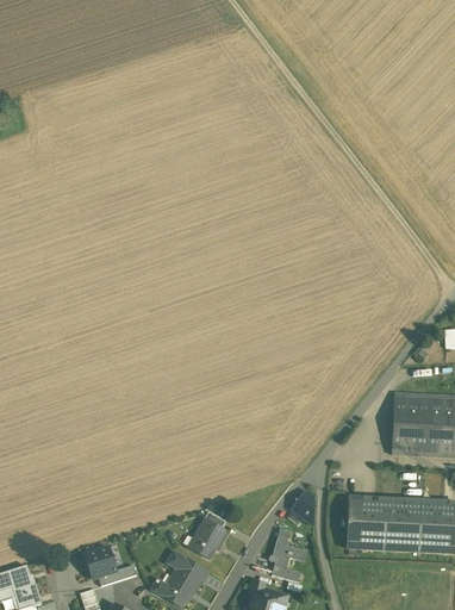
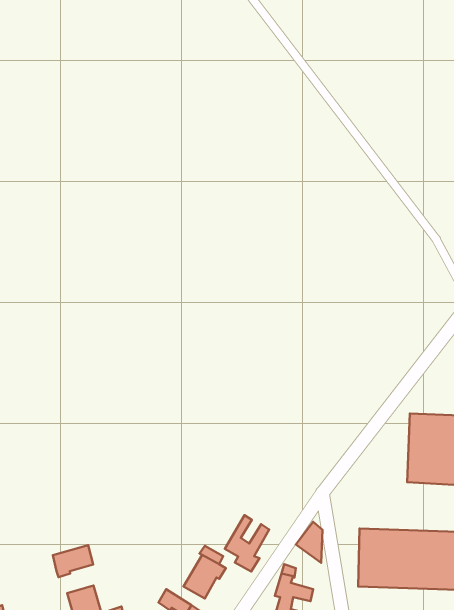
building: none -> [225,515,269,571]
building: none -> [53,545,93,577]

